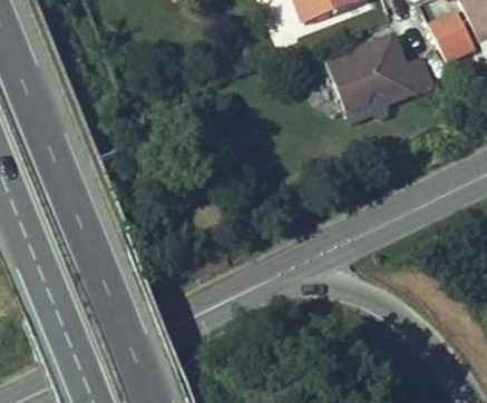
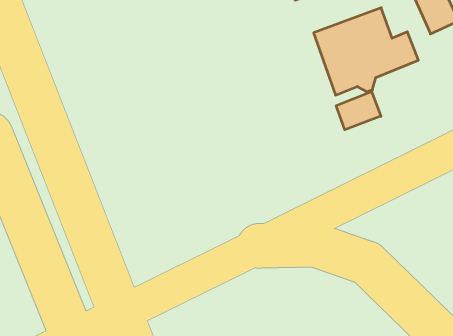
building: none -> [336,92,381,130]

